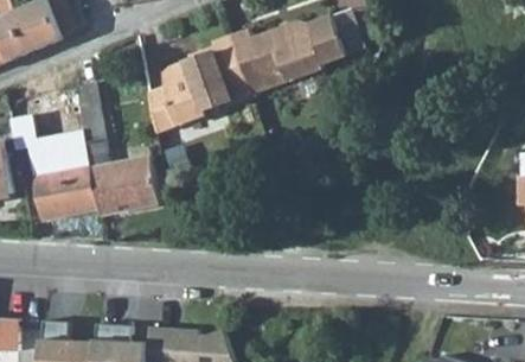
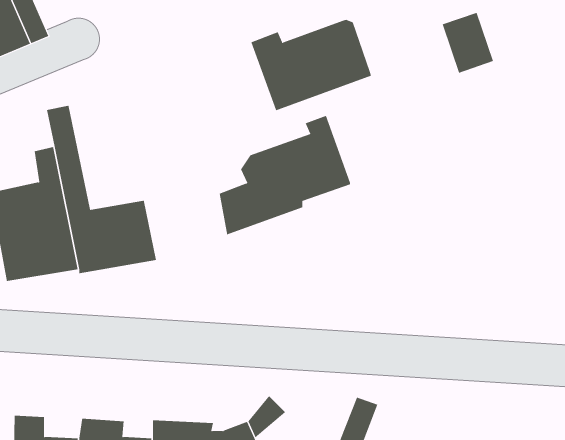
building: [310,11,351,58] -> [442,12,494,73]
building: [148,36,250,128] -> [219,115,351,235]

